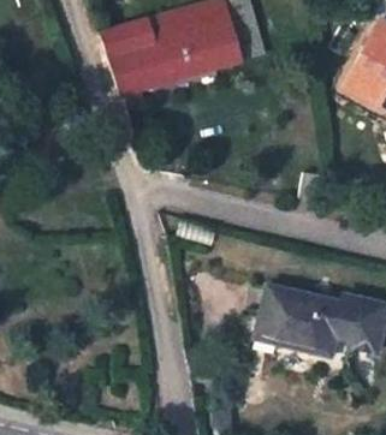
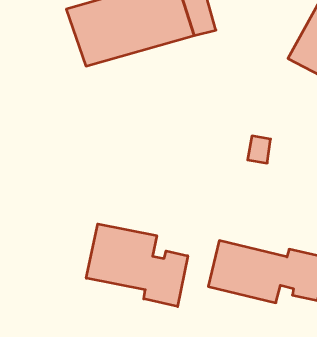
building: none -> [86,224,188,307]

